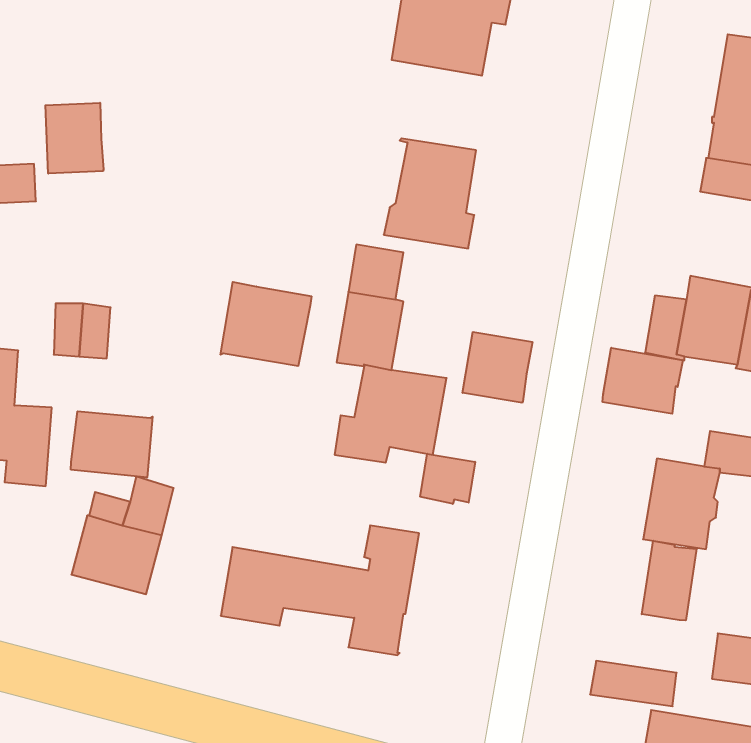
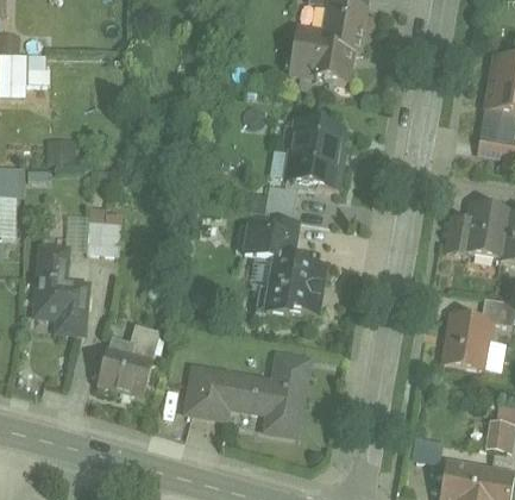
building: [45,103,103,174] -> none
building: [221,282,311,366] -> none
building: [463,332,532,403] -> none
building: [603,348,683,414] -> none
building: [71,411,153,478] -> none
building: [420,454,475,504] -> none
building: [642,541,697,620] -> none

